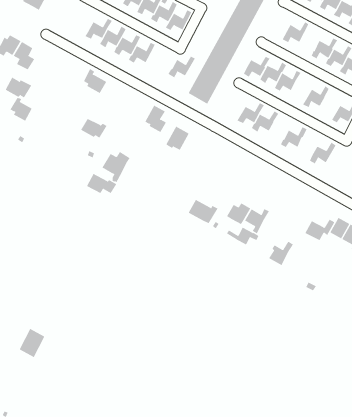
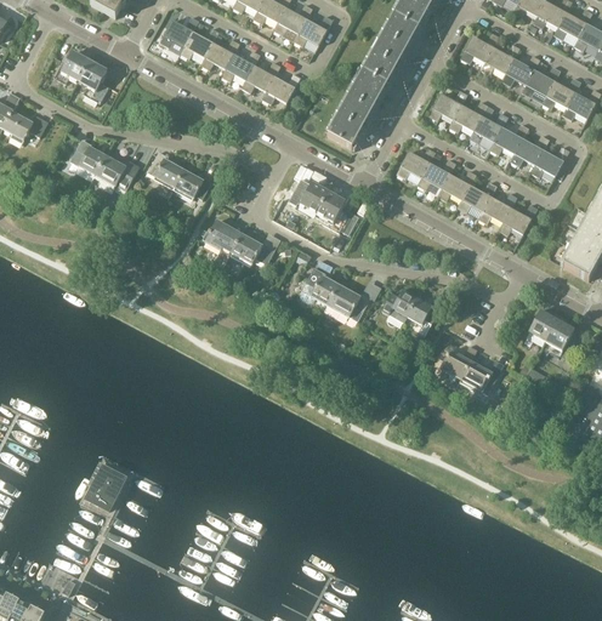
building: none -> [159,16,199,46]
building: none -> [481,42,519,74]
building: [168,56,196,78] -> [261,72,301,103]
building: [243,56,270,83] -> [470,112,509,149]
building: [83,68,107,94] -> [149,149,183,186]
building: [5,77,32,98] -> [96,155,135,186]
building: none -> [510,135,549,171]
building: [145,105,167,133] -> [316,190,347,230]
building: none -> [437,170,476,200]
building: none -> [478,192,517,229]
building: [86,173,117,194] -> [231,233,274,262]
building: none -> [299,266,337,303]
building: [305,219,335,241] -> [460,358,504,389]
building: [226,227,259,245] -> none

